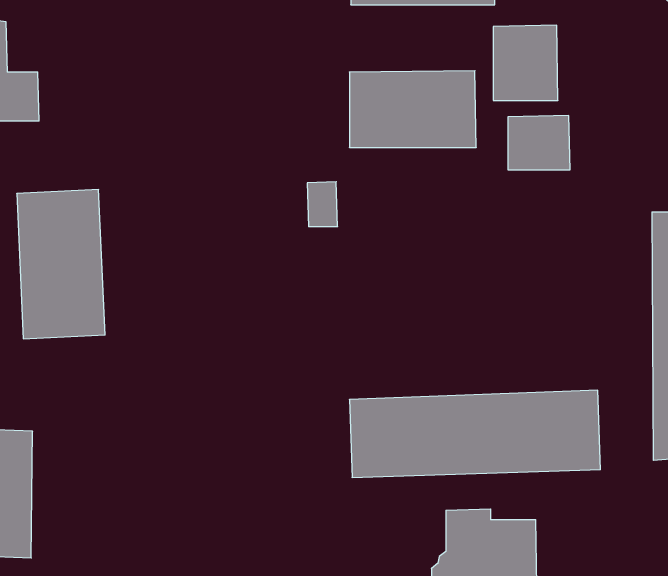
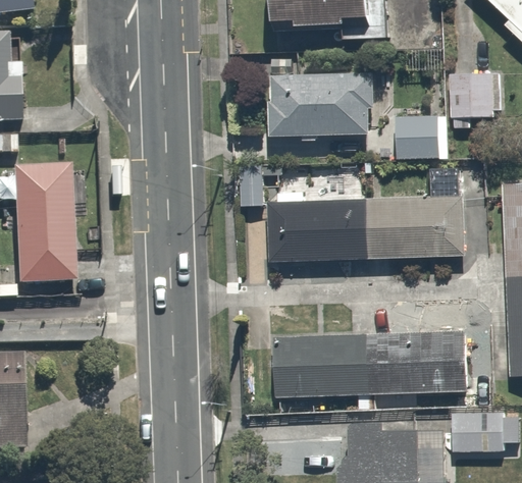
building: [493,25,558,100] -> [452,71,502,129]
building: none -> [275,197,473,262]
building: none -> [450,410,502,448]

